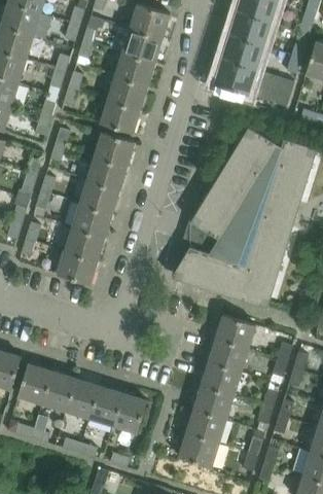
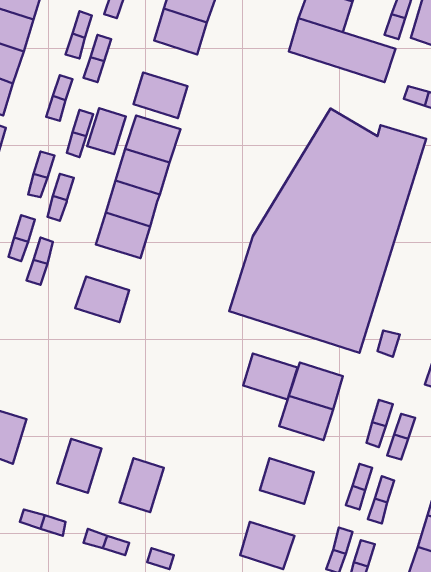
building: [107,76,147,110] -> none
building: none -> [87,108,126,154]
building: [65,227,105,261] -> none
building: [201,362,241,396] -> [243,354,297,399]
building: [17,364,53,404] -> none
building: [66,379,100,419] -> none
building: [112,393,147,433] -> none
building: [186,410,226,444] -> none

